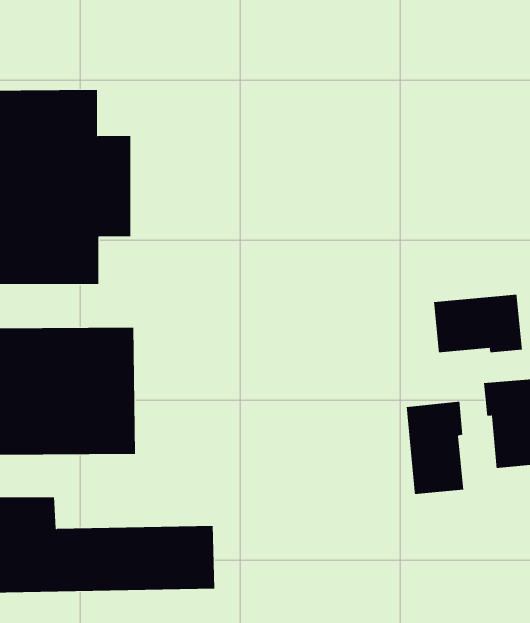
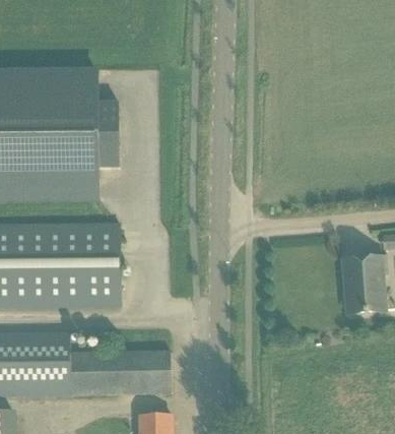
building: [433,294,523,353] -> none
building: [406,401,464,495] -> none

